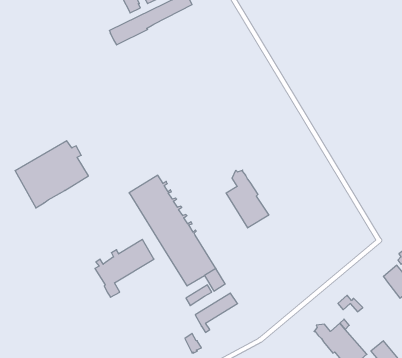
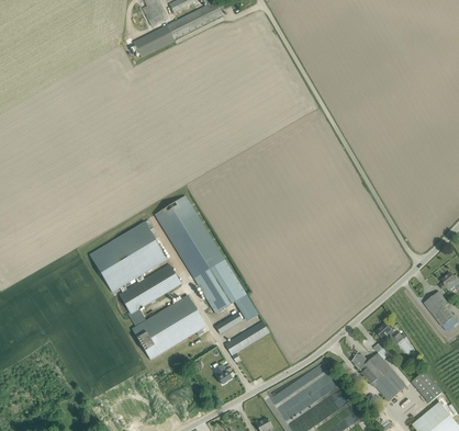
building: [15,141,88,208] -> [89,222,167,293]
building: [226,170,269,228] -> none
building: none -> [132,294,206,360]

